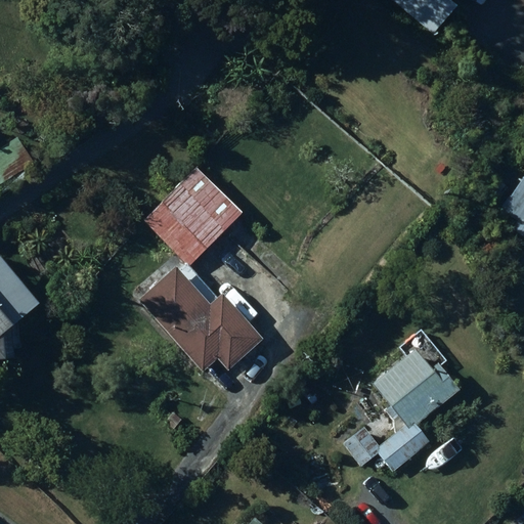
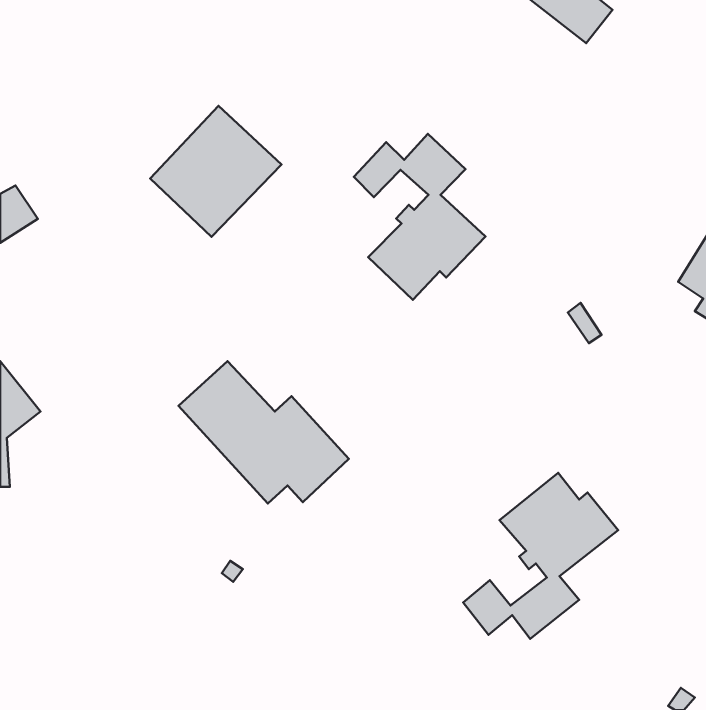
building: none -> [354,134,486,300]
building: [145,167,242,263] -> [150,106,281,237]

